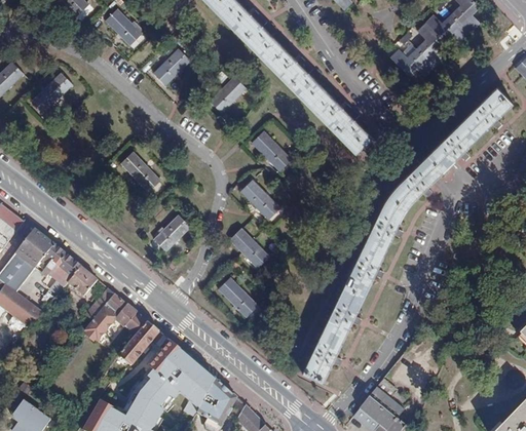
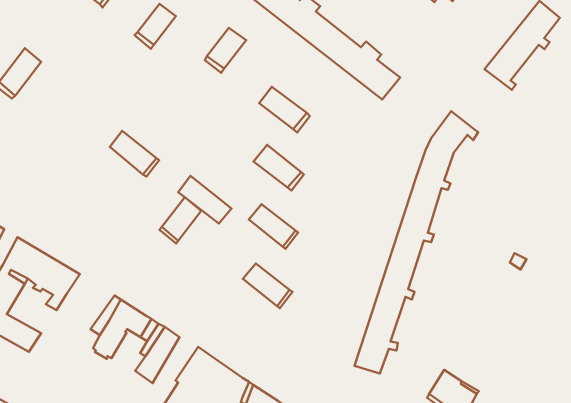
building: [411,139,460,187] -> none
building: none -> [178,176,232,223]
building: [68,267,97,296] -> none

